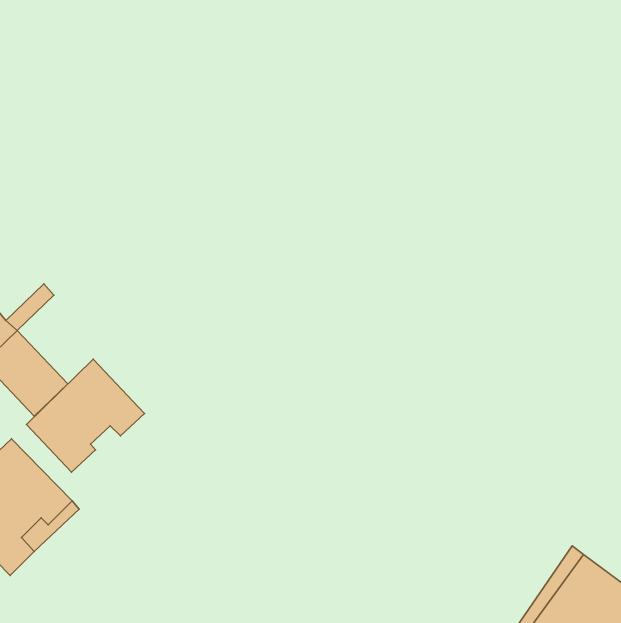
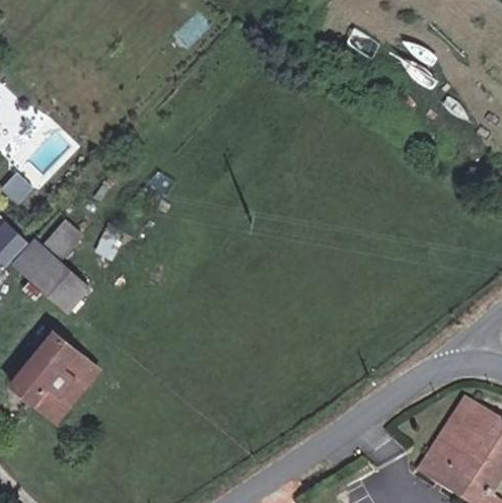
building: [26,359,145,472] -> none

